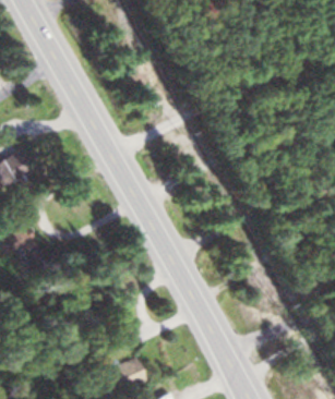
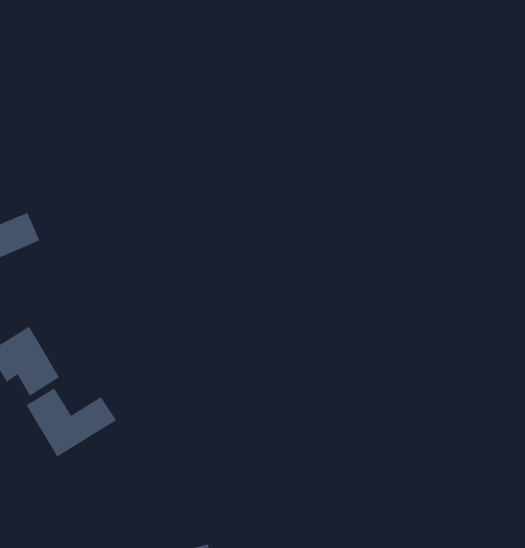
building: none -> [26,388,117,458]

